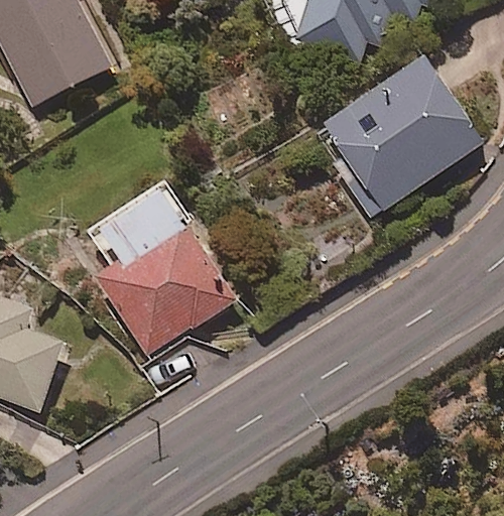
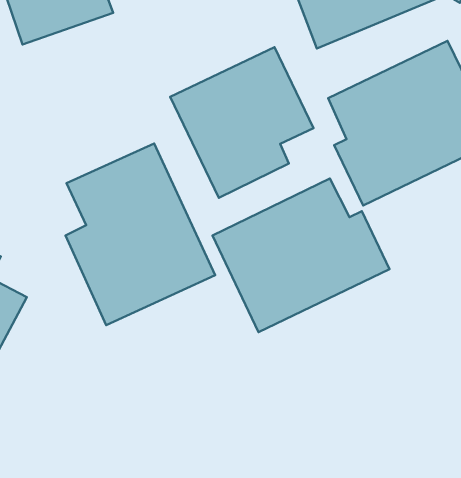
building: none -> [170,47,313,198]
building: none -> [213,179,390,332]

